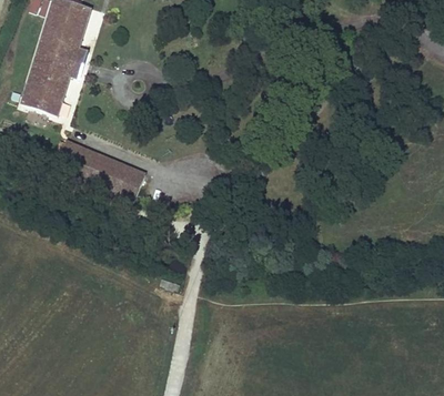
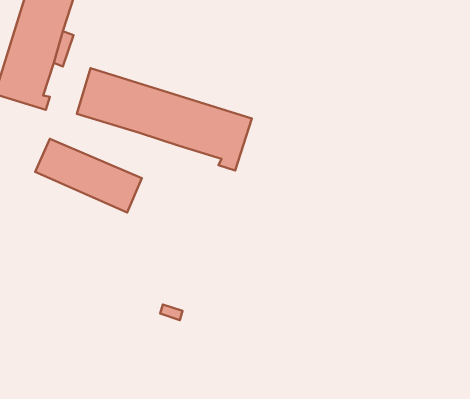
building: none -> [77,68,252,170]

